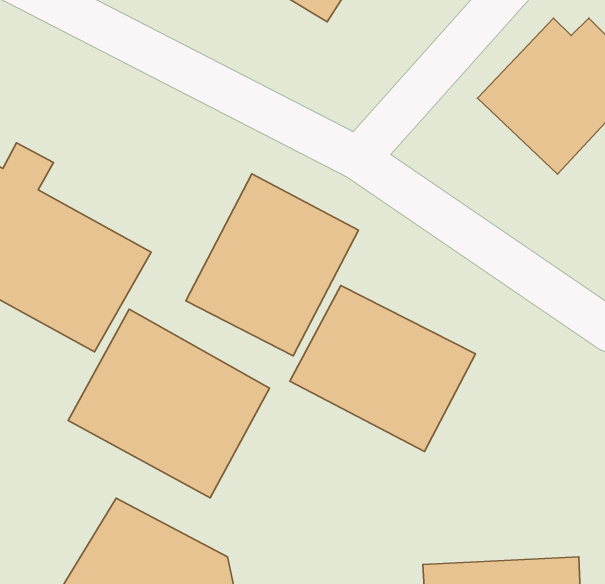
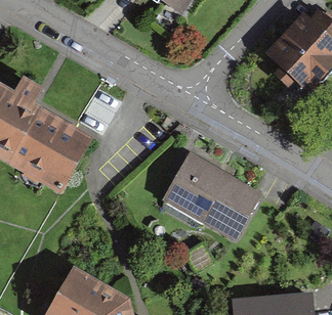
building: [186,174,359,356] -> none
building: [68,309,269,498] -> none

